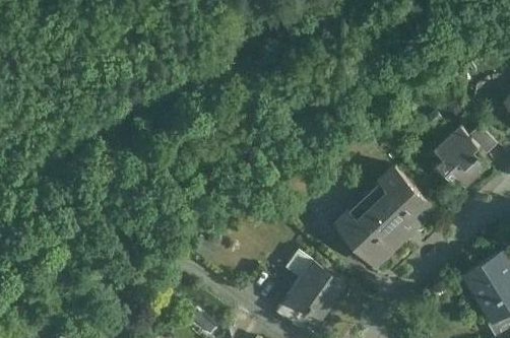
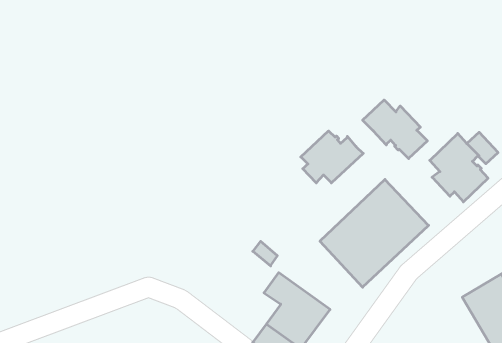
building: none -> [363,100,427,159]
building: none -> [301,131,363,183]

